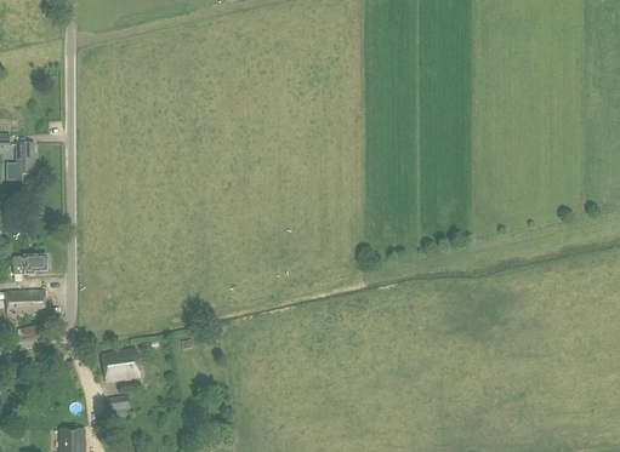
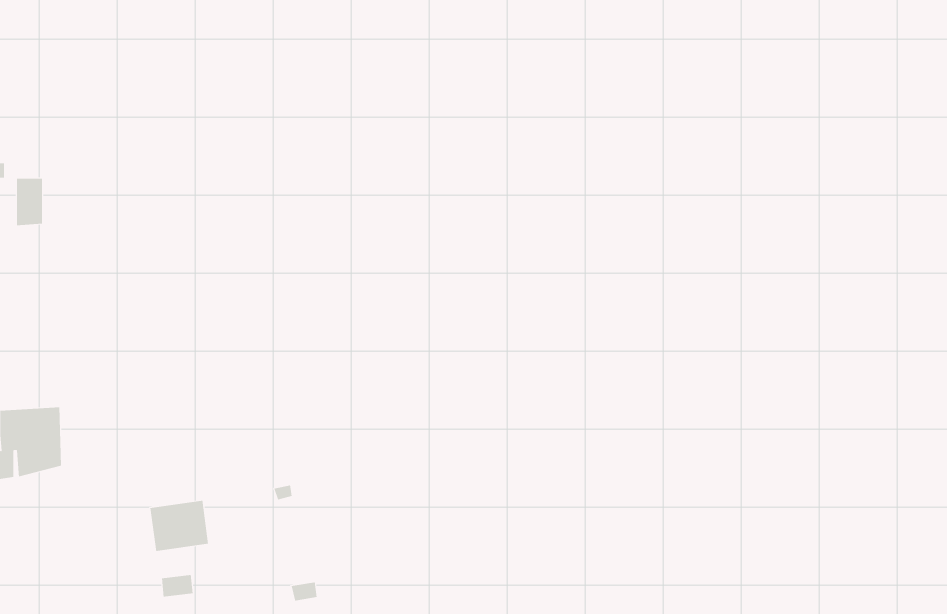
building: [11,253,46,273] -> none

